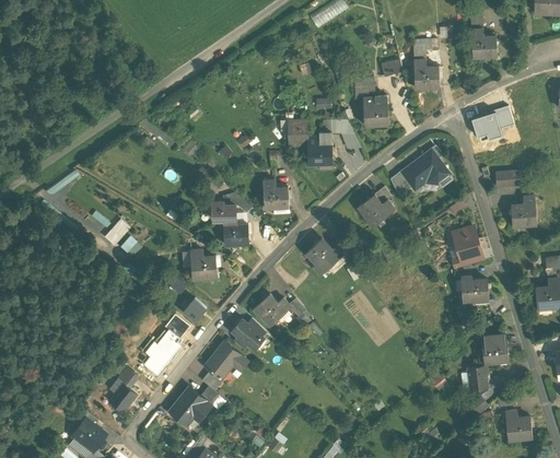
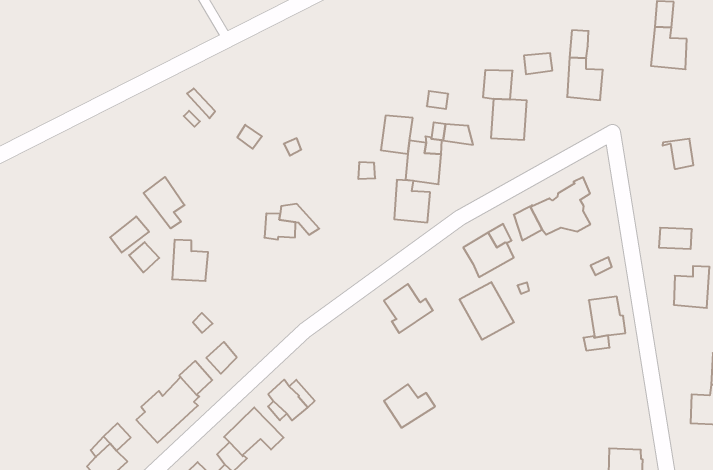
building: [471,111,504,142] -> none
building: [262,179,289,209] -> [394,180,430,222]
building: none -> [144,177,185,228]
building: [223,216,249,245] -> none
building: none -> [460,282,514,340]
building: [190,249,217,279] -> [172,240,208,281]
building: [460,275,489,306] -> none
building: [254,294,291,326] -> [384,384,435,428]

